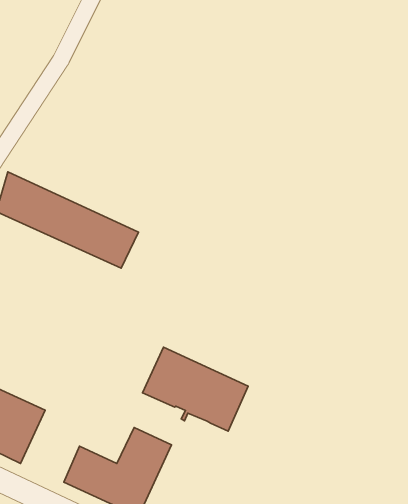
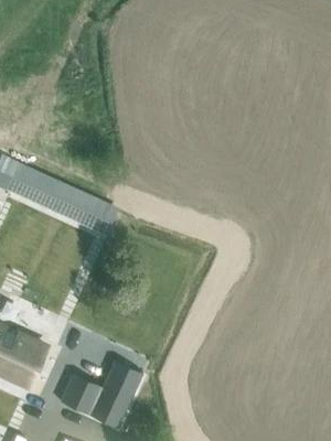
building: [142,347,248,431] -> none

